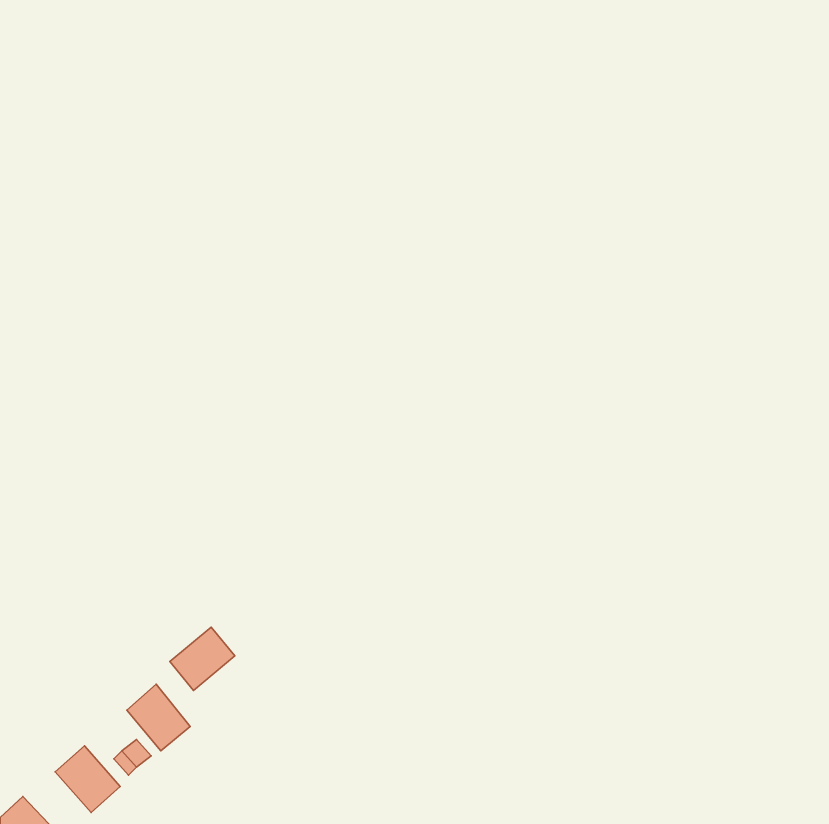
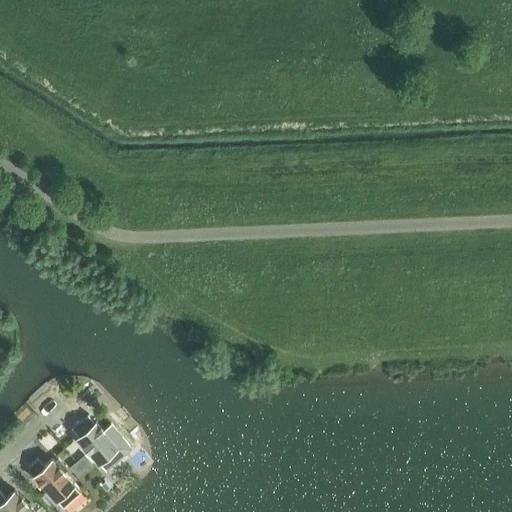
building: [170,627,235,690] -> none

